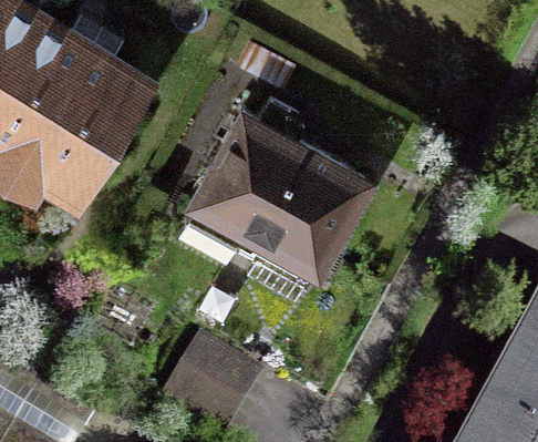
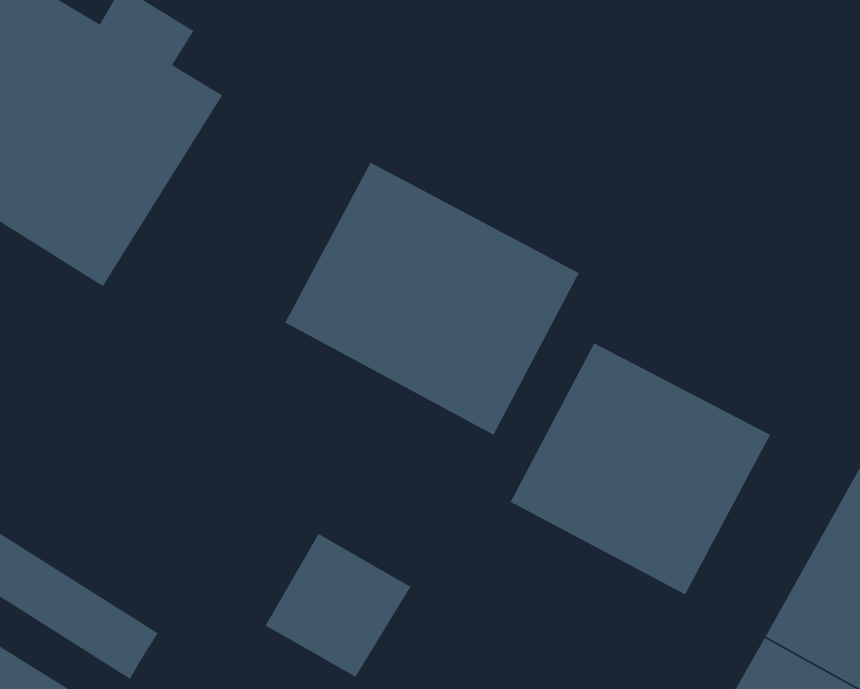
building: none -> [510,342,771,595]

